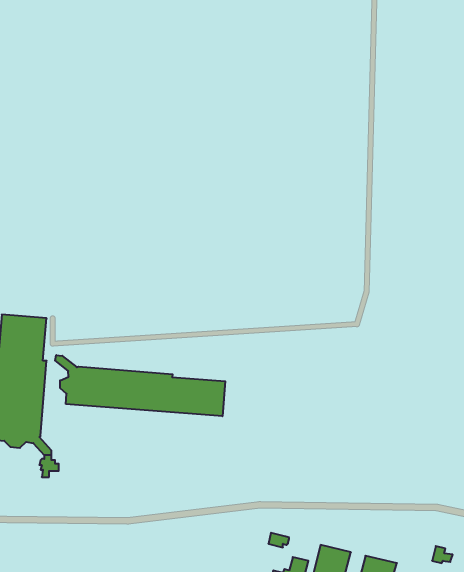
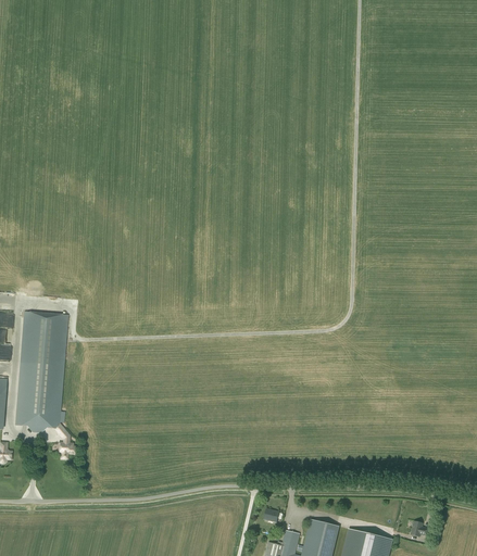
building: [55,355,225,416] -> none

